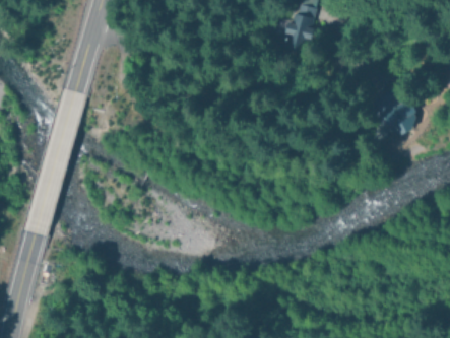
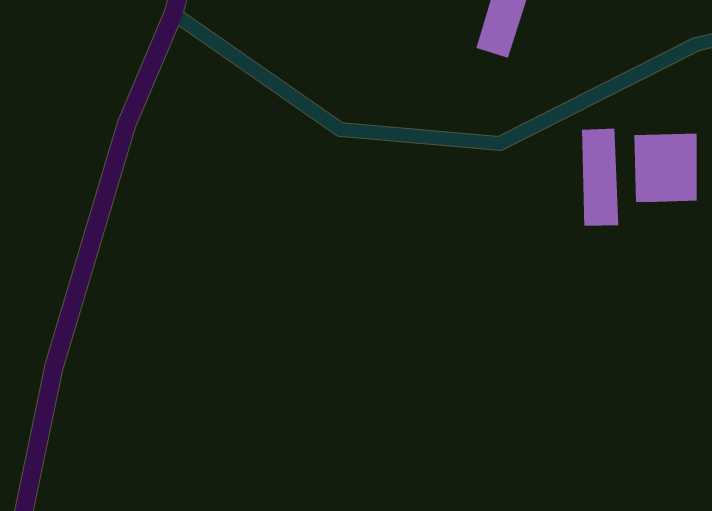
building: none -> [581,128,619,227]

